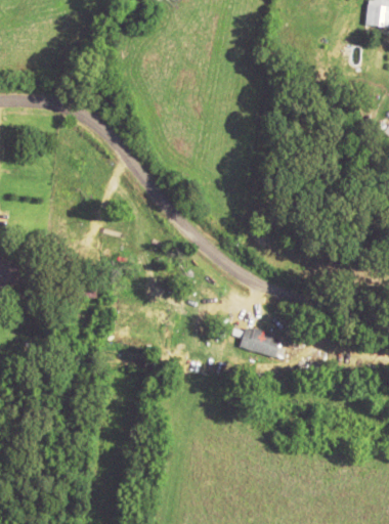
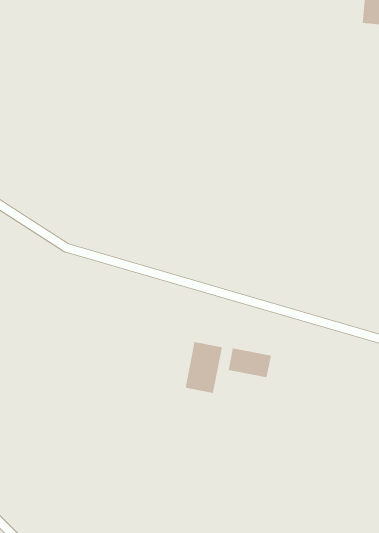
building: none -> [185,341,223,394]

